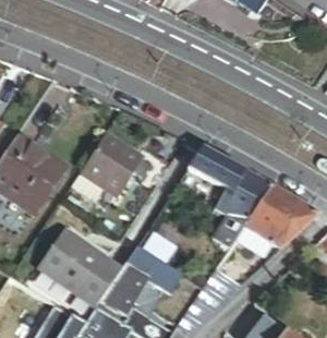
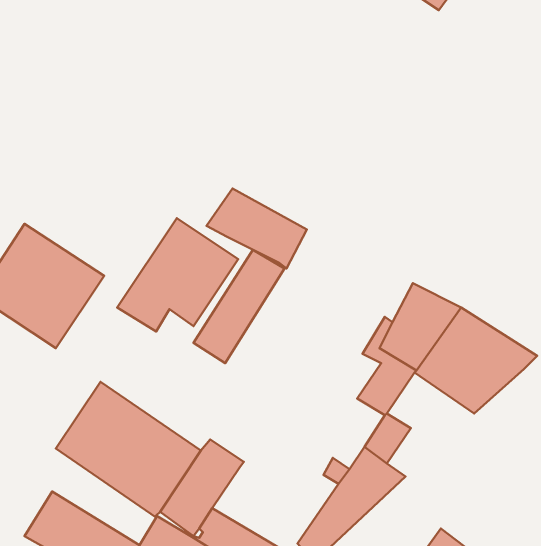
building: [187,147,246,194] -> [207,188,307,268]
building: [128,246,181,294] -> none

